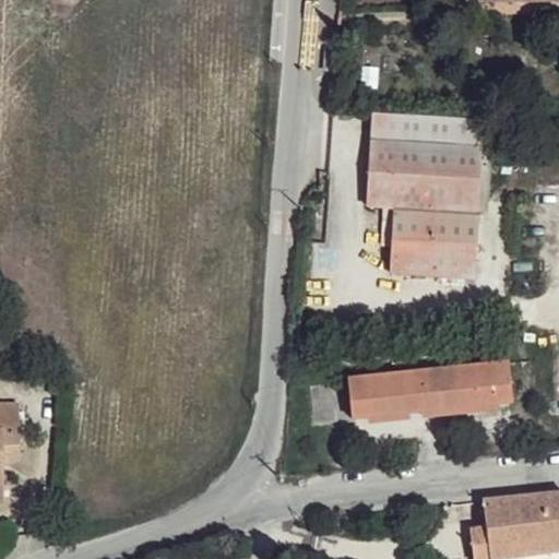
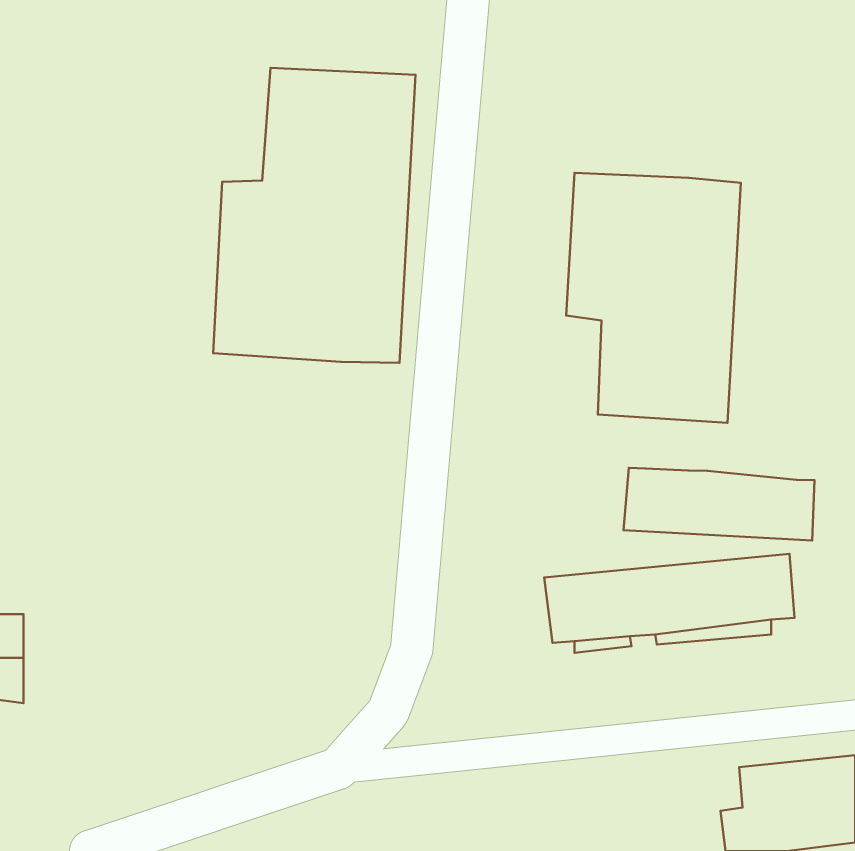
building: none -> [213,68,416,363]
building: none -> [624,468,815,541]

